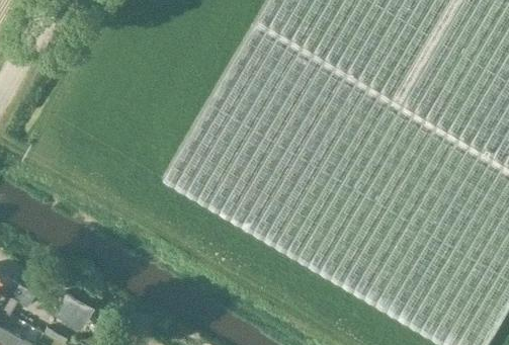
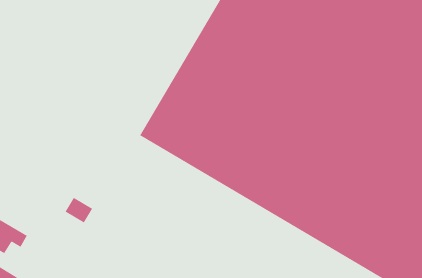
building: [62,295,94,326] -> [65,197,93,223]

